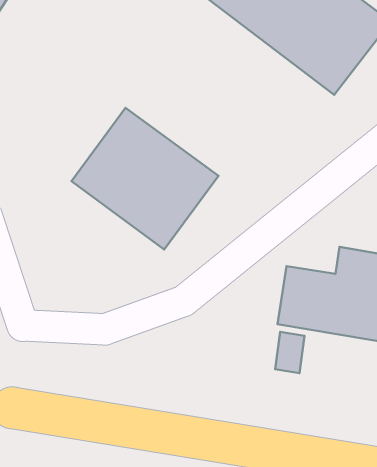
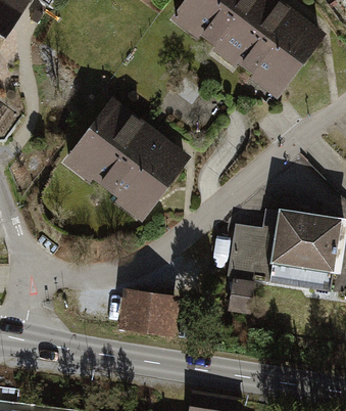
building: none -> [116,289,182,338]

